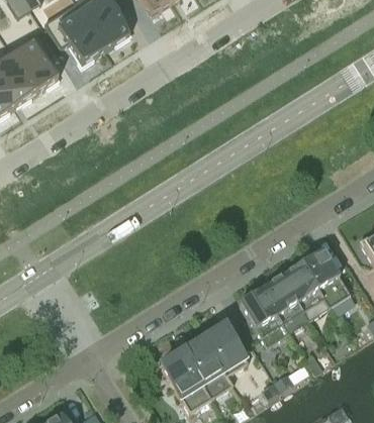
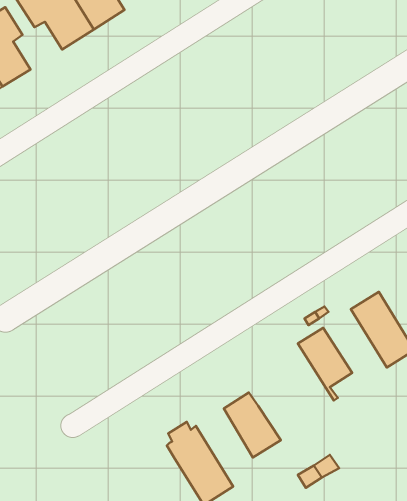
building: [281,260,330,318] -> none
building: [240,287,289,344] -> none
building: [184,336,233,396] -> none

